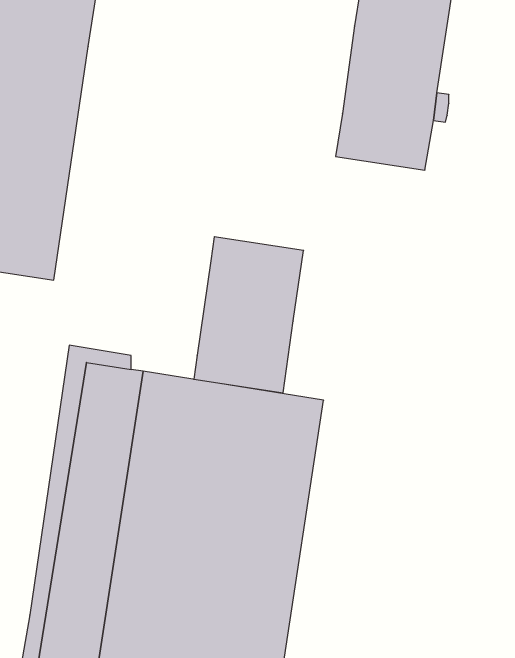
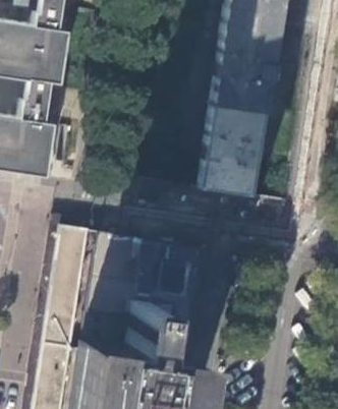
building: [194,237,304,393] -> [196,102,262,194]

